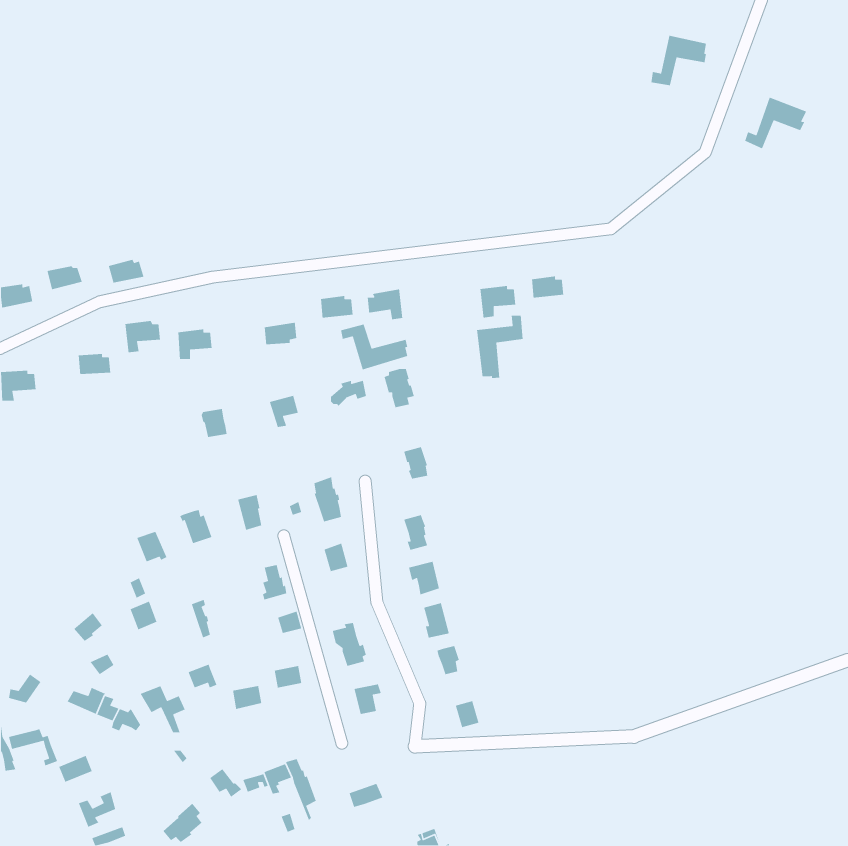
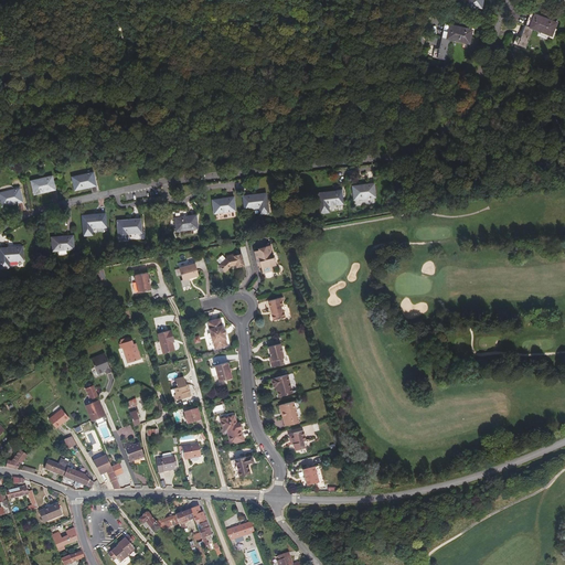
building: [744,96,807,149] -> [513,11,555,46]
building: [476,315,523,379] -> none
building: [340,323,408,370] -> none

